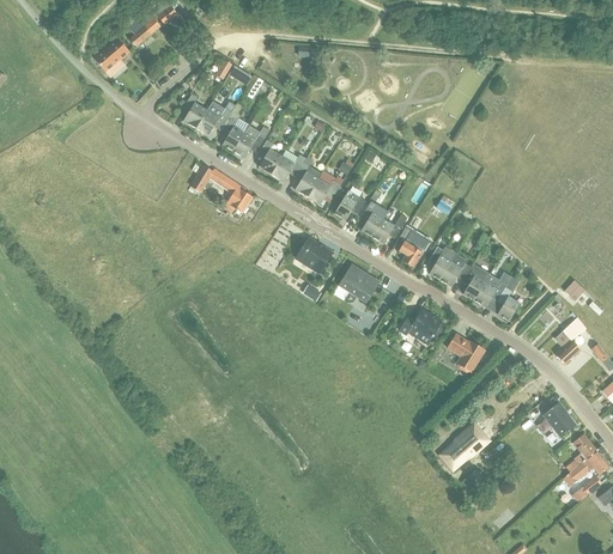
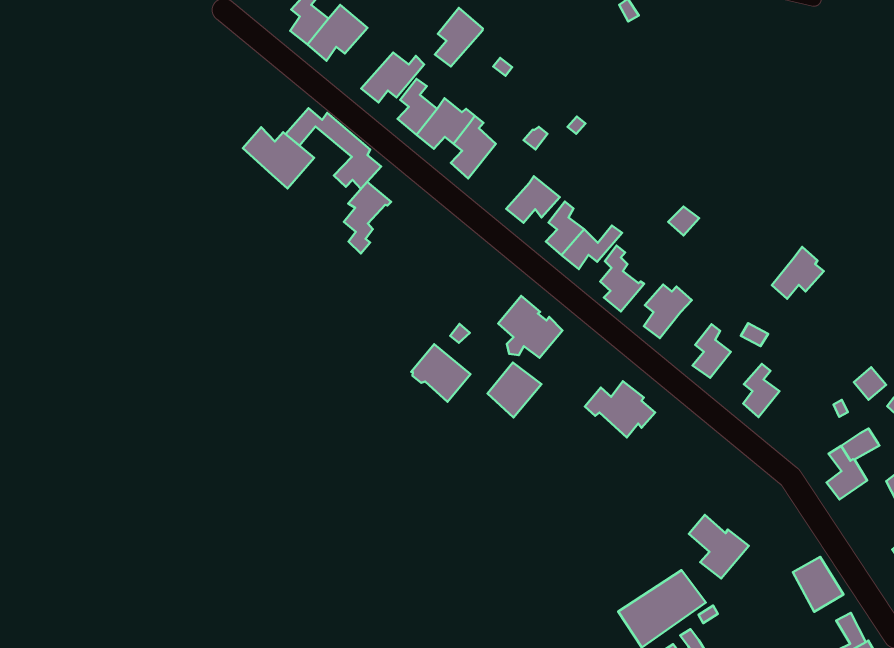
building: [221,112,249,150] -> [435,8,483,66]
building: [306,170,342,203] -> none
building: none -> [243,127,314,188]
building: none -> [344,182,391,253]
building: [295,237,332,272] -> [411,344,470,402]
building: [439,252,471,286] -> none
building: [474,273,505,306] -> [772,247,824,299]
building: none -> [487,363,541,418]
building: [447,333,485,371] -> [689,515,749,579]

